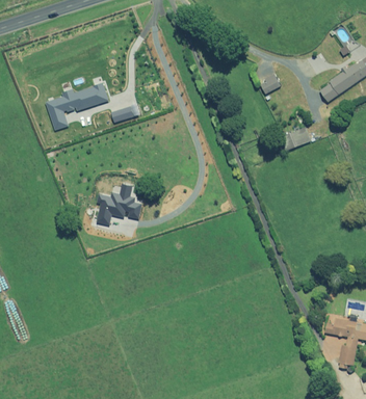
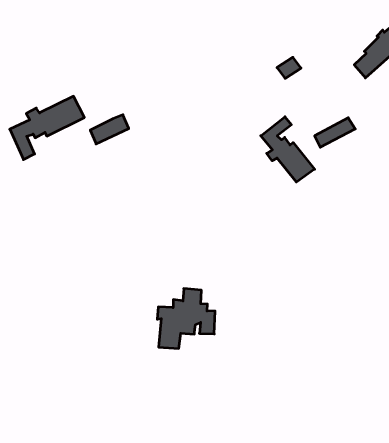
building: none -> [261,117,315,182]
building: [93,182,140,228] -> [157,289,215,348]

